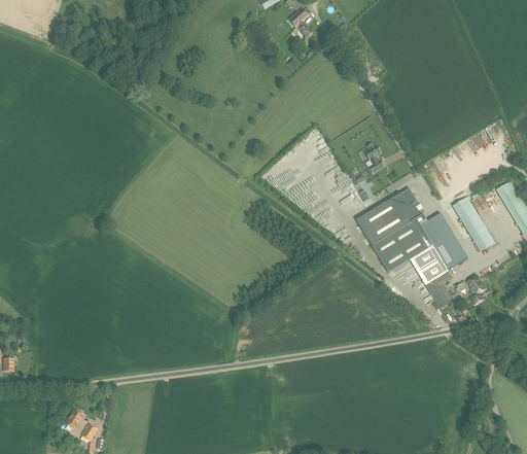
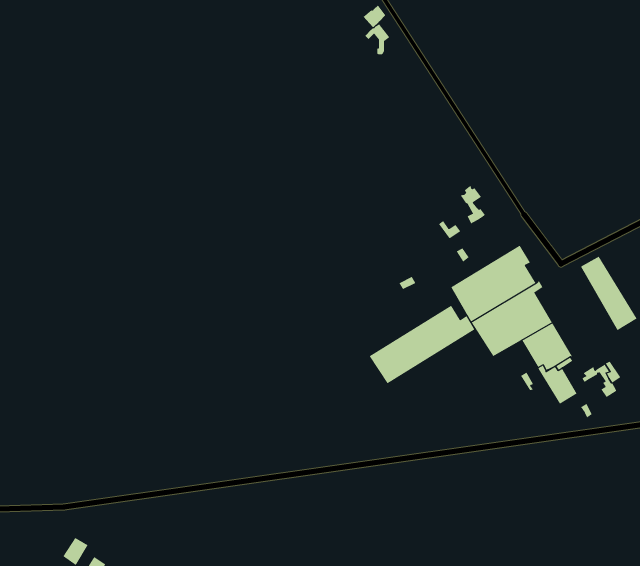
building: [421,213,466,265] -> none
building: none -> [369,305,475,384]

